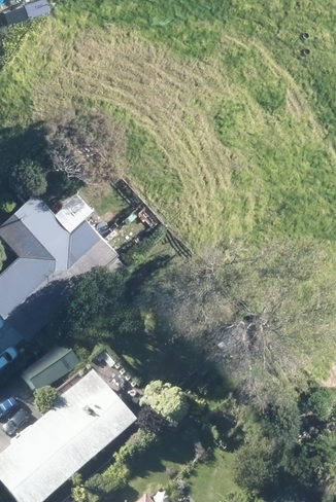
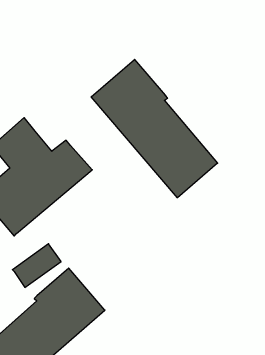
building: none -> [91,59,218,198]

